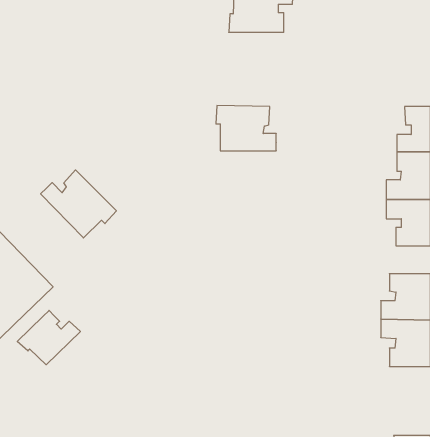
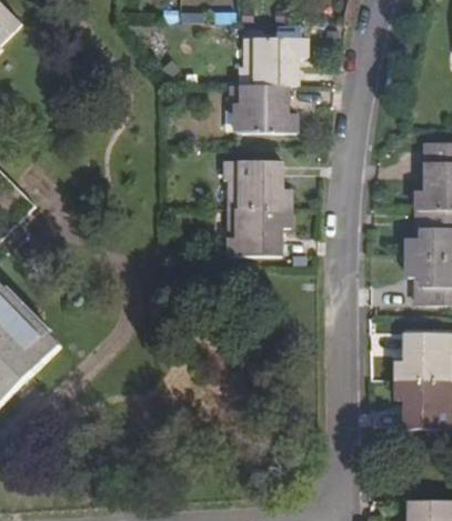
building: none -> [232,83,297,131]
building: none -> [227,207,290,257]
building: [41,170,116,238] -> none
building: [17,310,80,365] -> none

